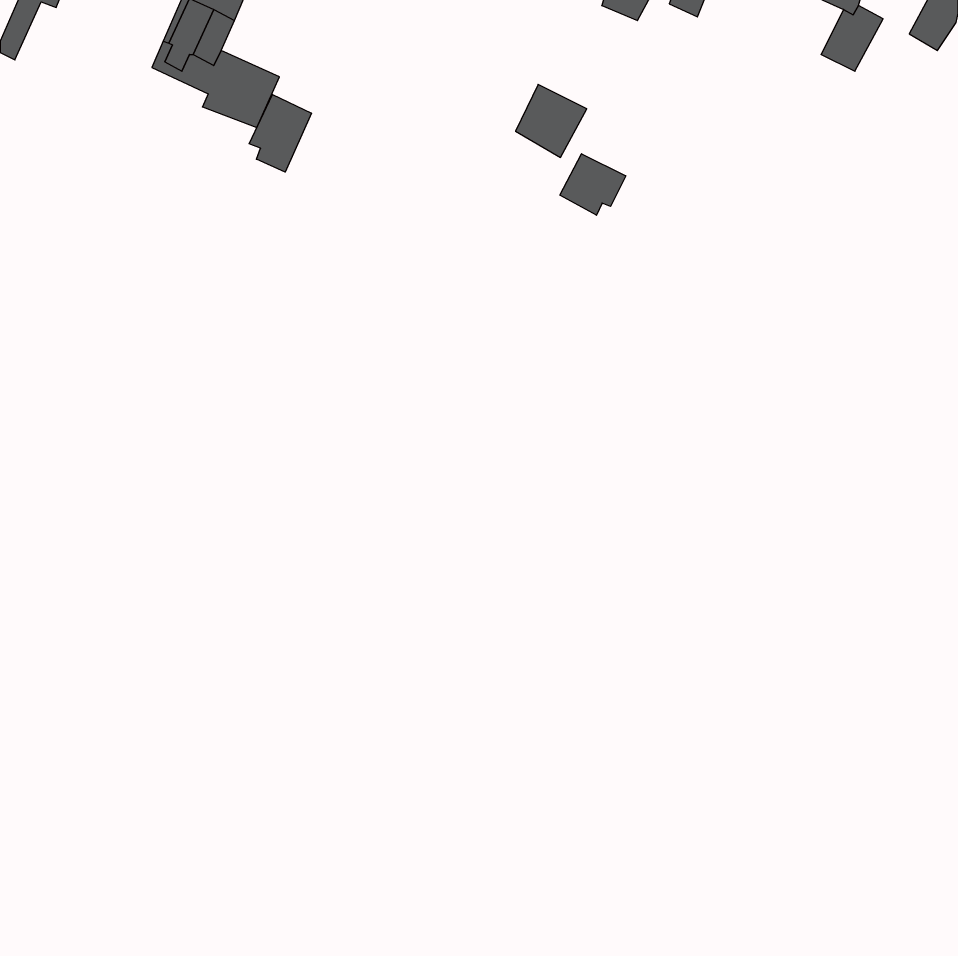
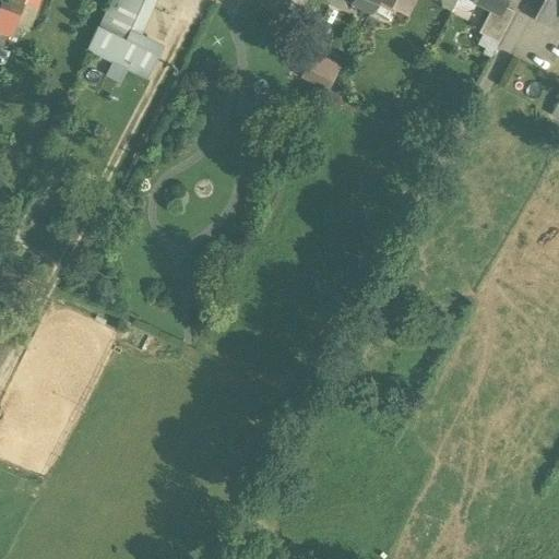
building: [249,95,311,172] -> none
building: [560,154,626,215] -> none

